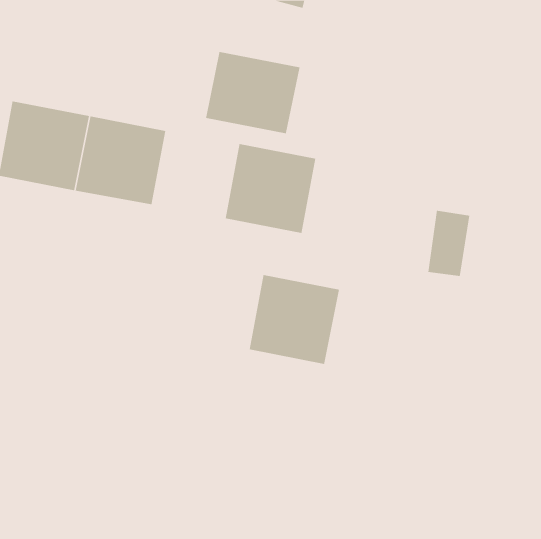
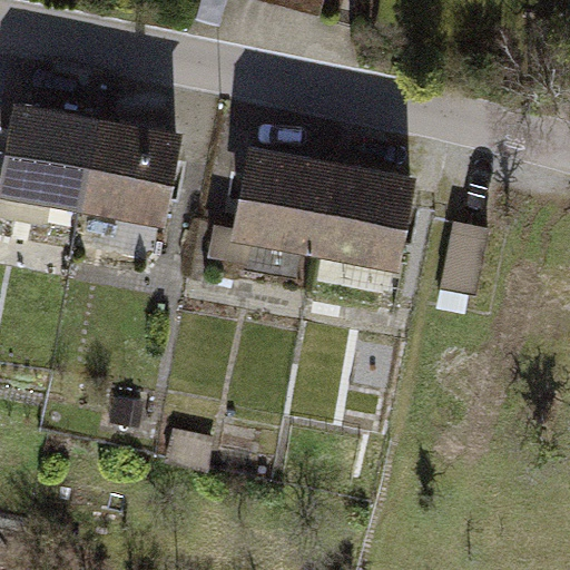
building: [206,51,300,134] -> none
building: [249,275,340,365] -> [314,174,409,267]

